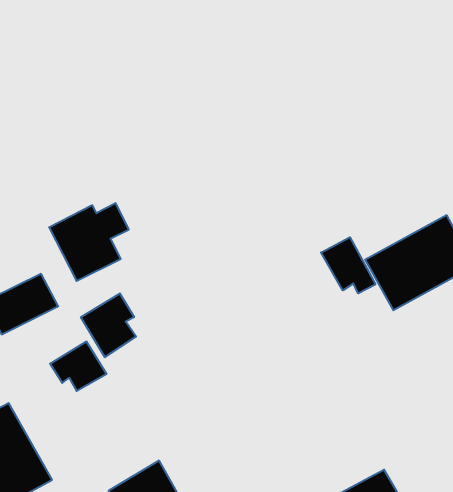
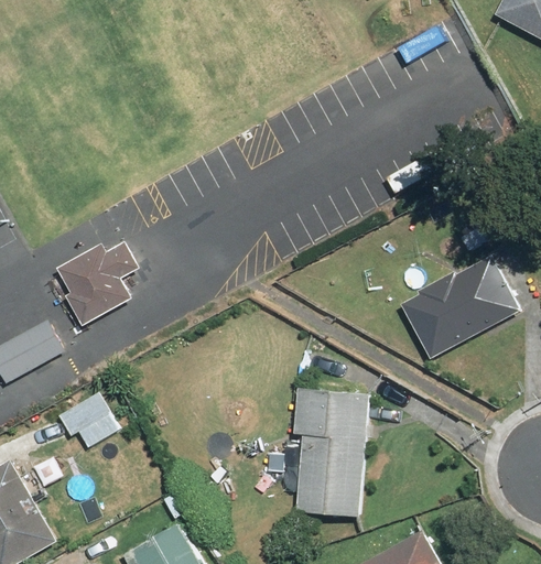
building: [321,237,375,293] -> none
building: [81,293,136,357] -> none
building: none -> [280,390,365,514]

